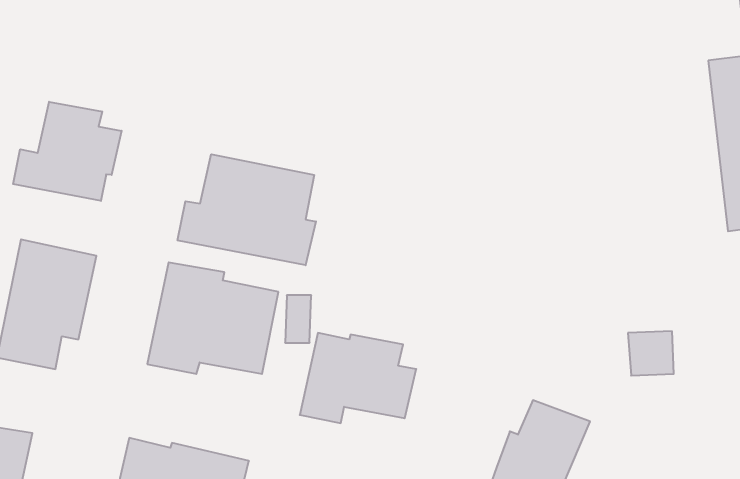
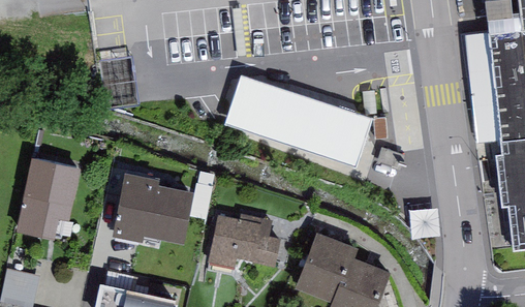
building: [13,102,122,201] -> none
building: none -> [233,80,382,173]
building: [178,154,316,265] -> none
building: none -> [296,226,359,296]

